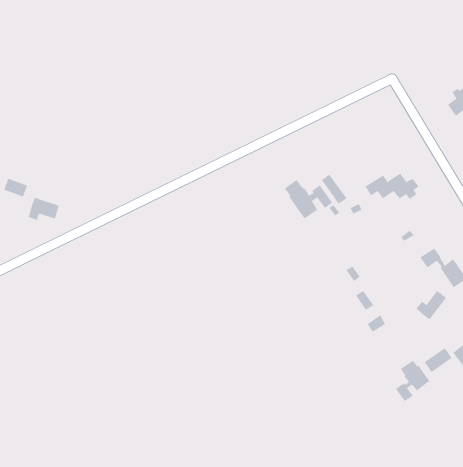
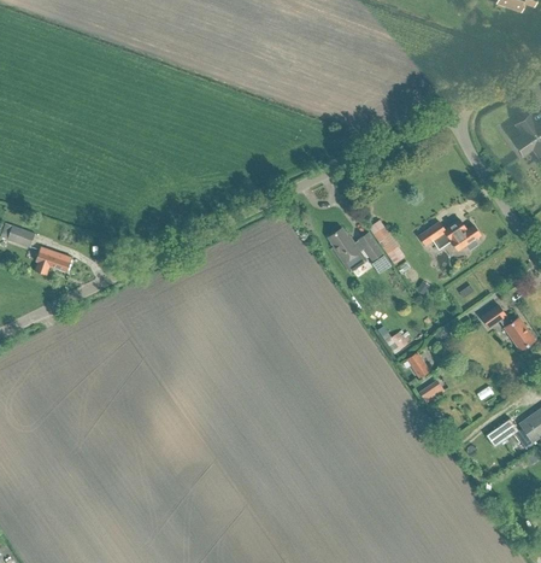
building: [416,290,447,320] -> none
building: [395,360,430,402] -> none

